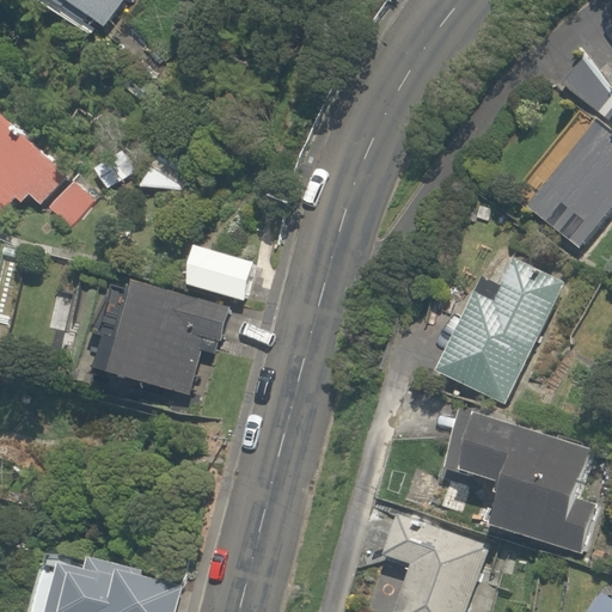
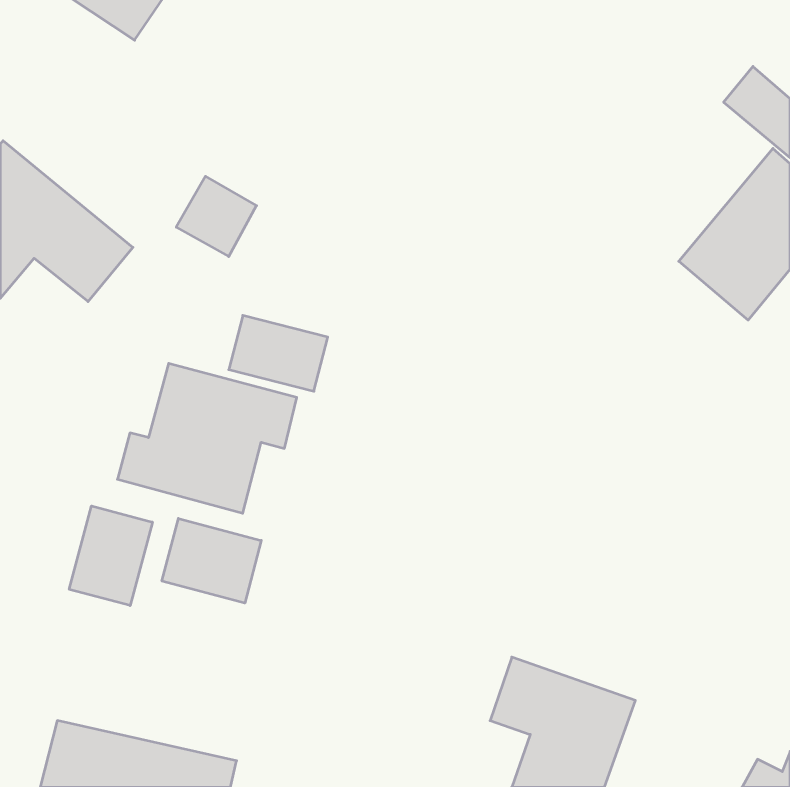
building: [432,258,561,402] -> none
building: none -> [69,506,152,606]
building: none -> [162,518,261,603]
building: [449,416,599,552] -> none

